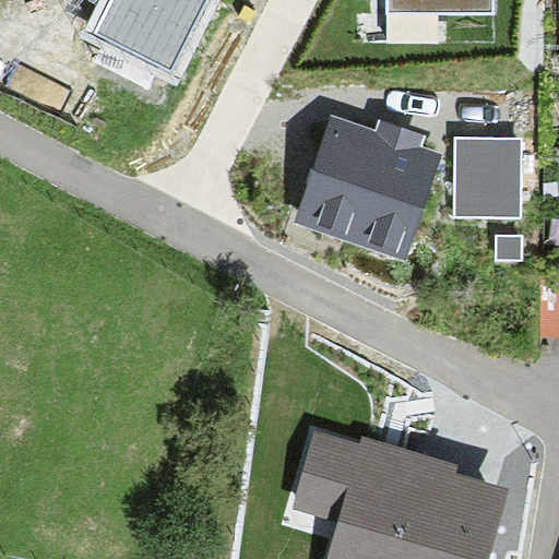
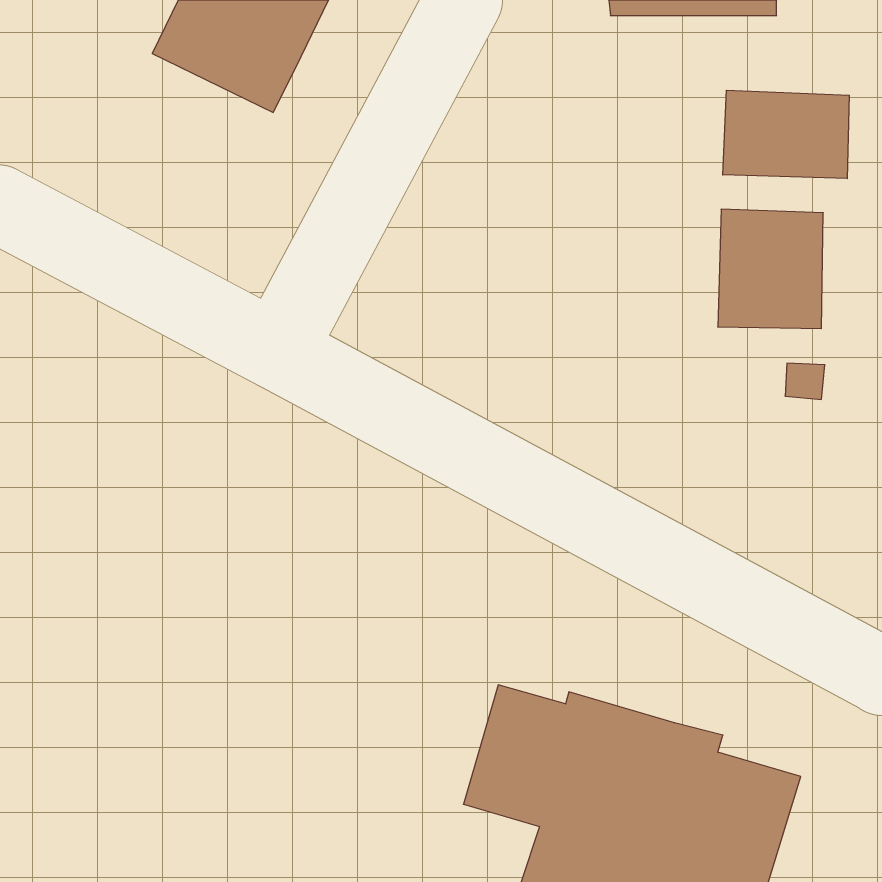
building: none -> [723,90,849,179]
building: [299,115,435,245] -> none

